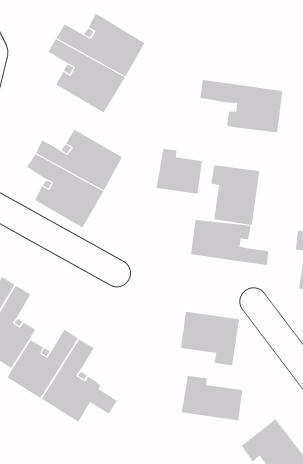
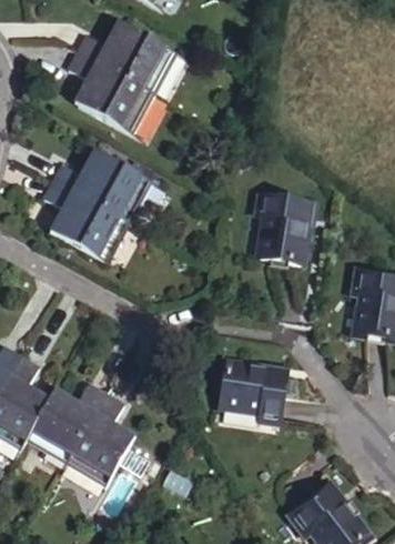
building: [200,79,283,133] -> none
building: [156,148,202,195] -> none
building: [191,219,269,266] -> none
building: [181,375,243,421] -> none

